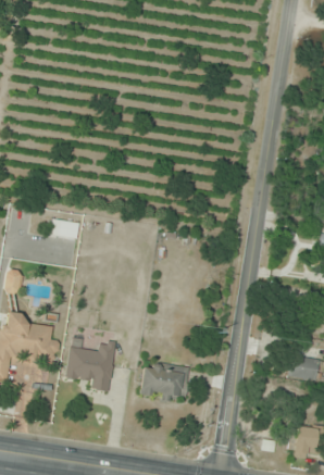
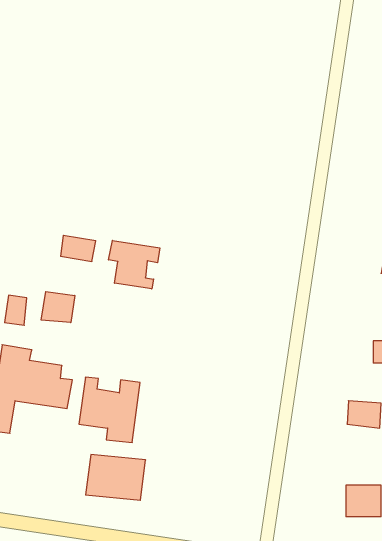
building: none -> [109,240,160,289]
building: none -> [41,292,75,323]
building: [140,362,190,400] -> [86,455,146,500]

